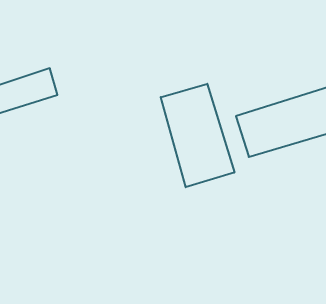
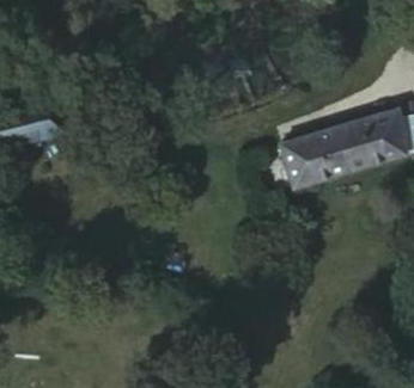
building: [161,84,234,187] -> none

